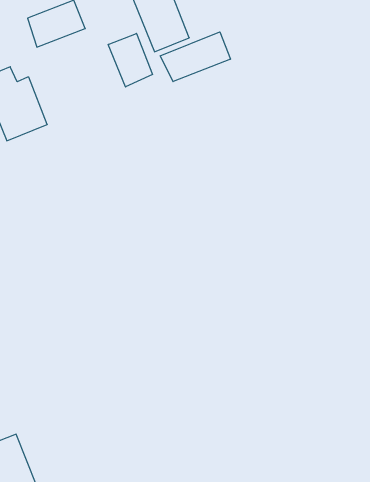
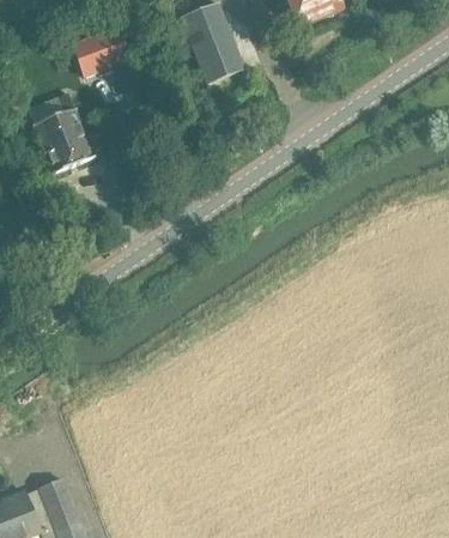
building: [160,32,230,82] -> none
building: [108,33,152,87] -> none

